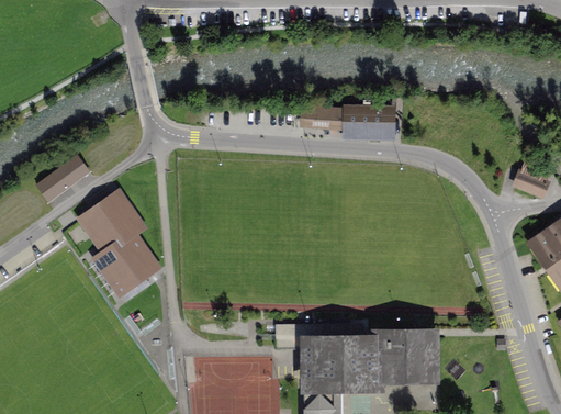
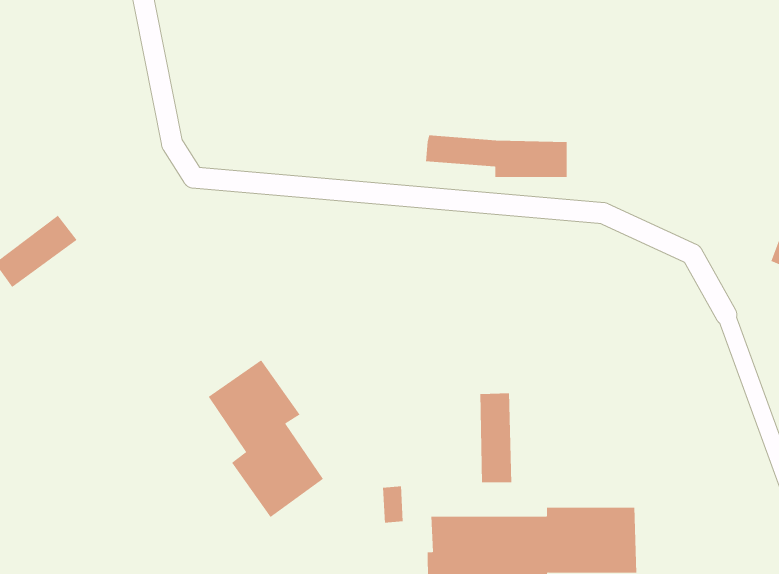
building: [82,193,154,291] -> [208,359,324,518]
building: none -> [480,392,512,483]

